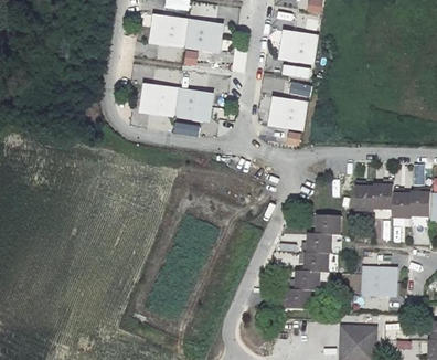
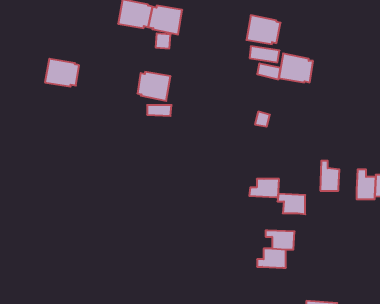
building: [135,83,170,112] -> [45,59,79,87]
building: [269,95,305,125] -> [279,53,313,82]
building: [374,179,394,210] -> none
building: [301,234,332,253] -> [249,179,279,197]
building: [364,267,396,293] -> none
building: [286,289,317,308] -> none

